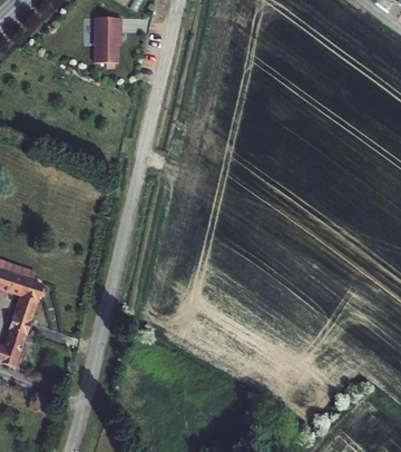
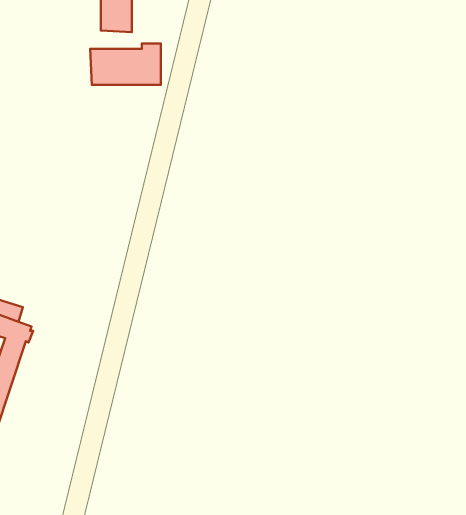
building: none -> [90,44,161,85]

